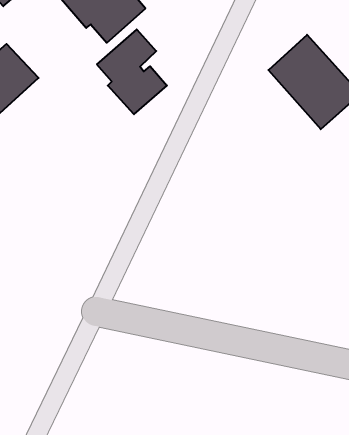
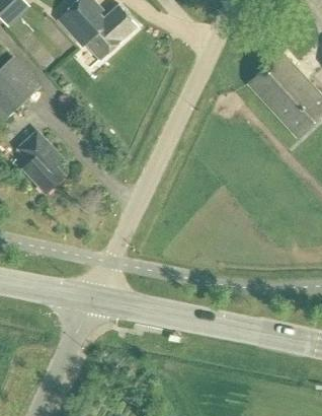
building: [97,29,167,114] -> none
building: none -> [18,128,64,192]

